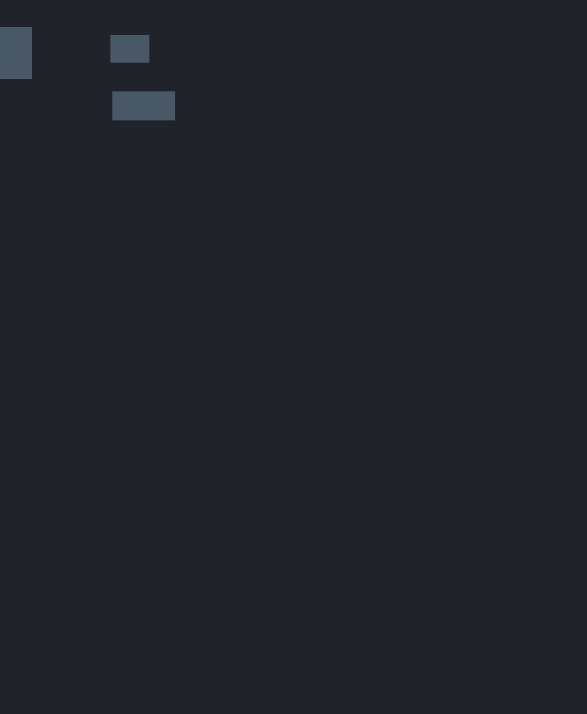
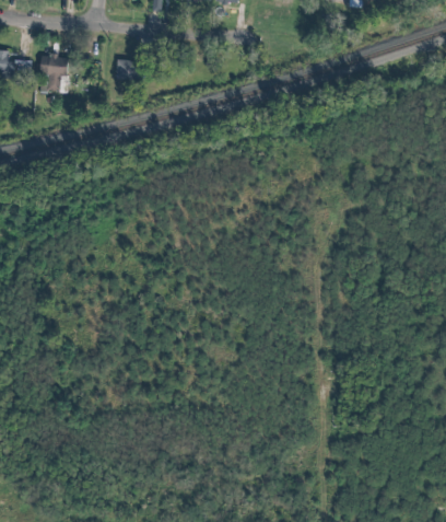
building: [112,90,176,121] -> none

